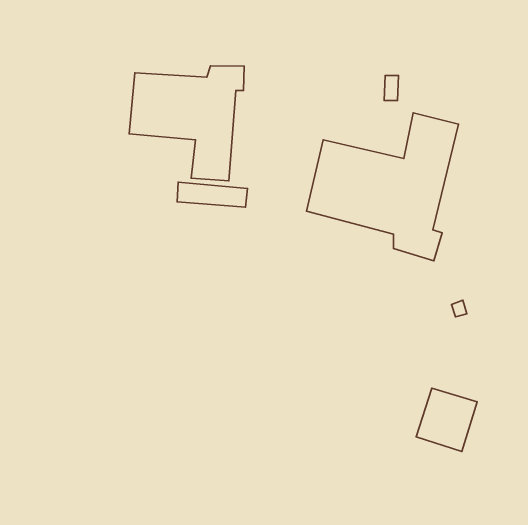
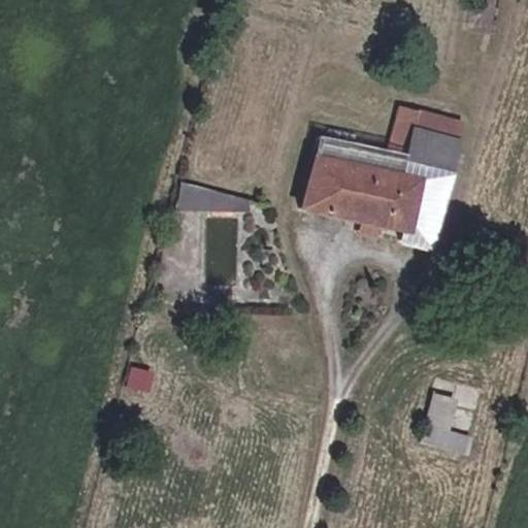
building: [129,66,244,181] -> none

